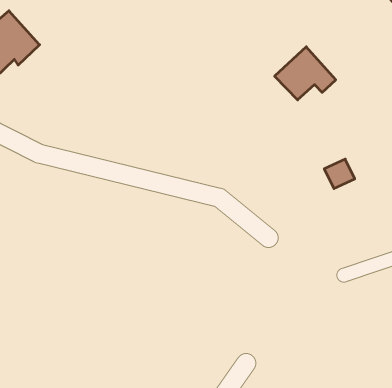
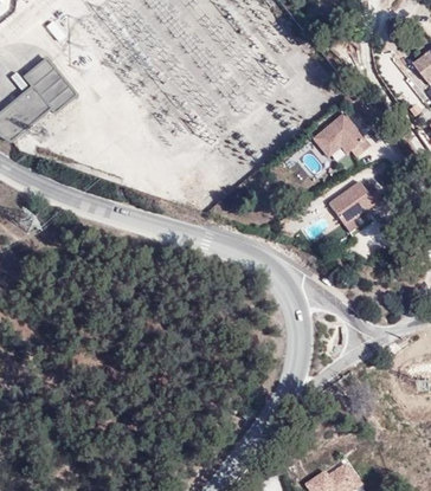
building: none -> [326,177,378,224]

